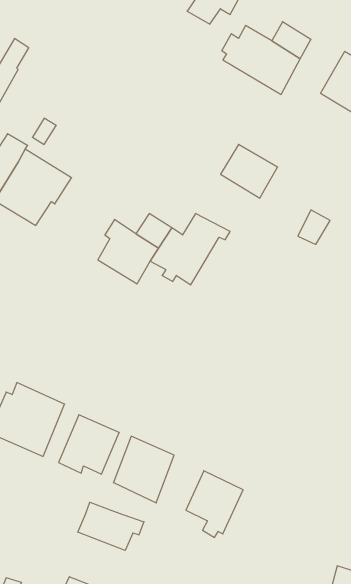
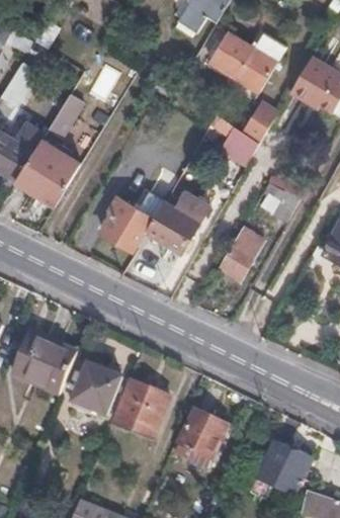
building: none -> [244,100,280,142]
building: none -> [218,226,268,282]
building: [78,502,144,550] -> none
building: none -> [256,440,310,499]

